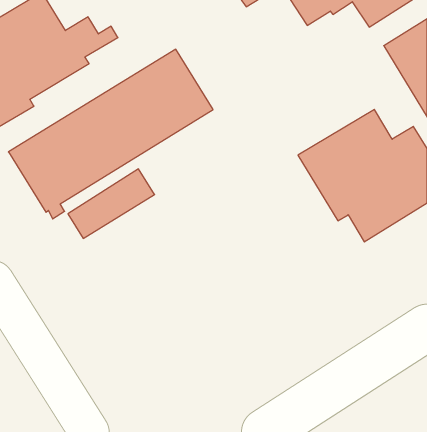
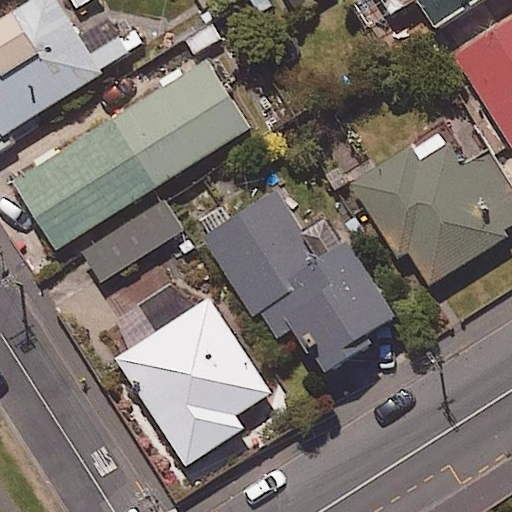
building: none -> [201,186,400,374]
building: none -> [115,298,271,465]

